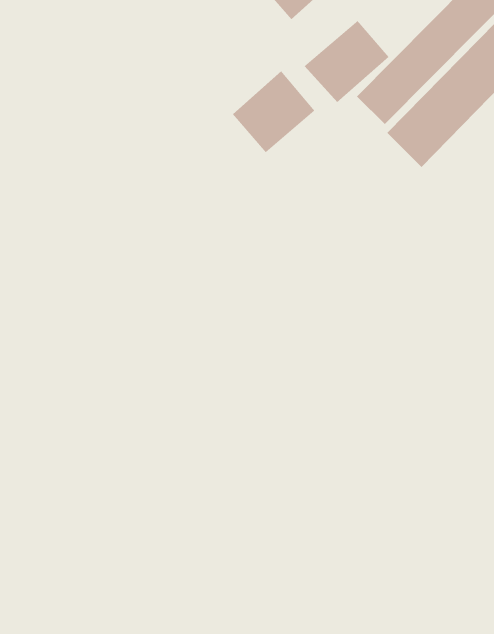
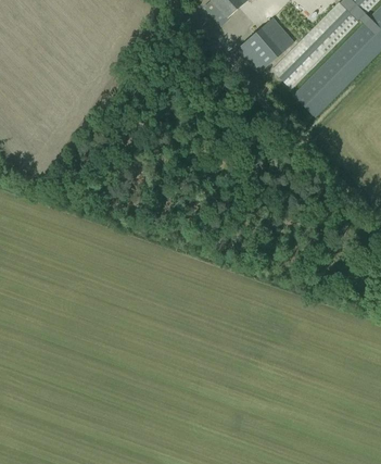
building: [232,70,315,153] -> none

